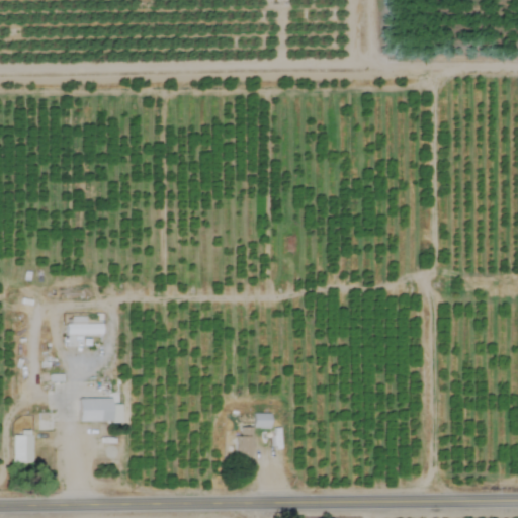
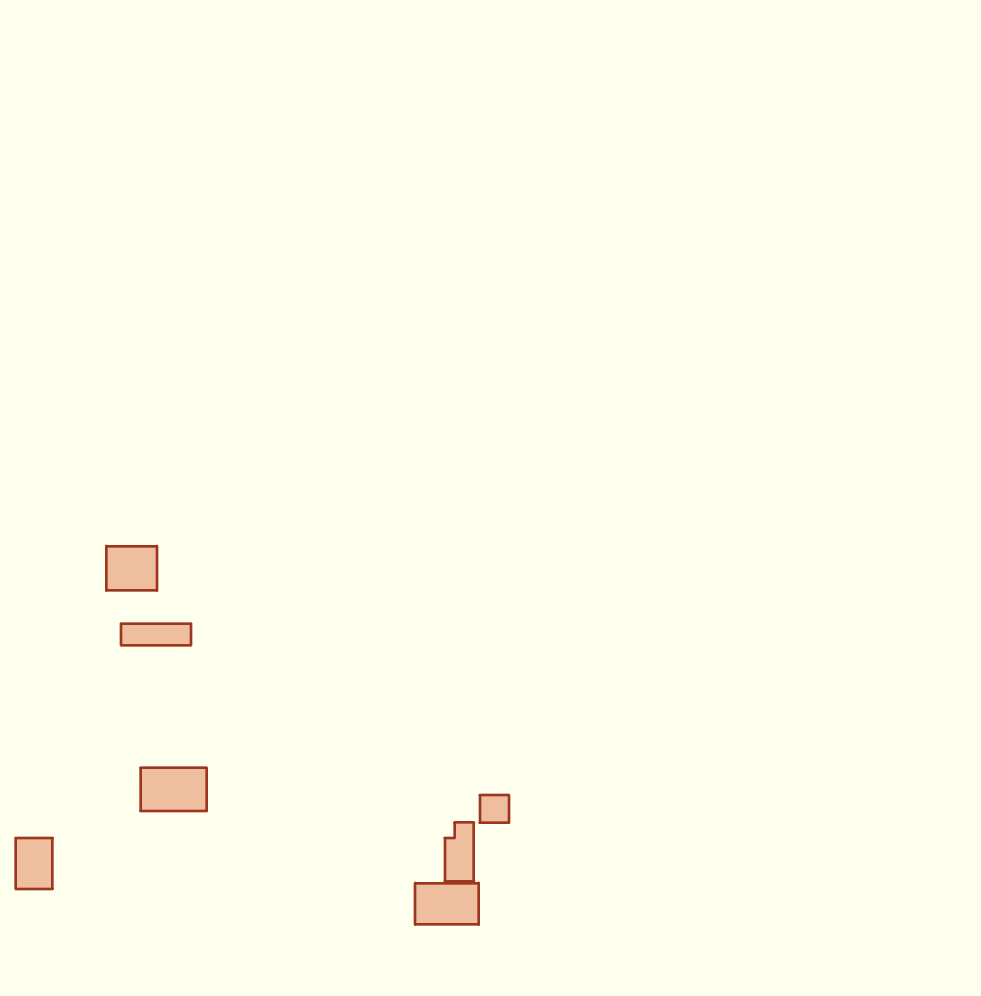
building: none -> [106,546,157,591]
building: none -> [415,883,479,925]

